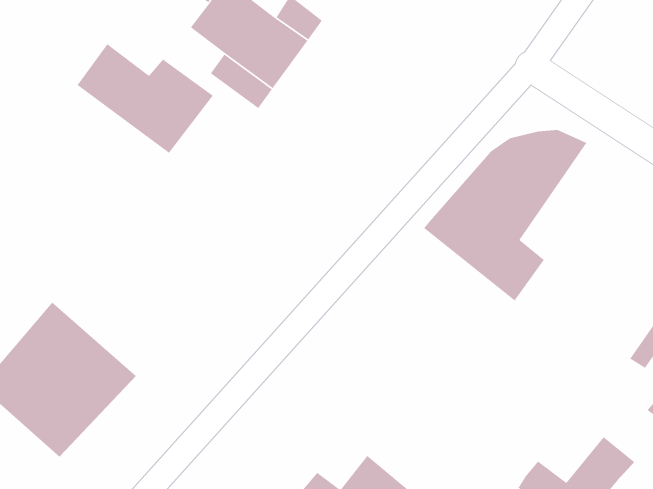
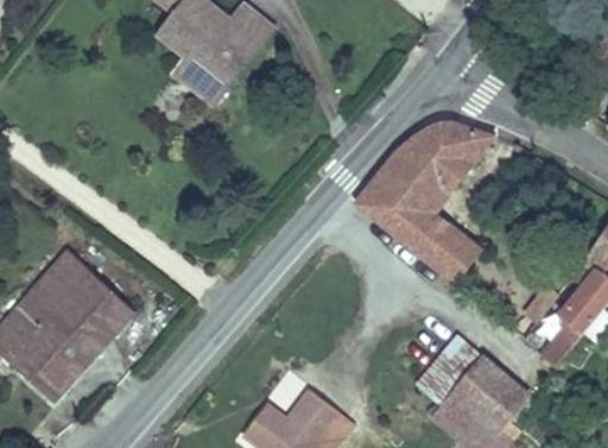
building: [77,43,214,154] -> none
building: none -> [432,228,482,282]
building: none -> [49,246,137,324]
building: none -> [414,334,506,412]

